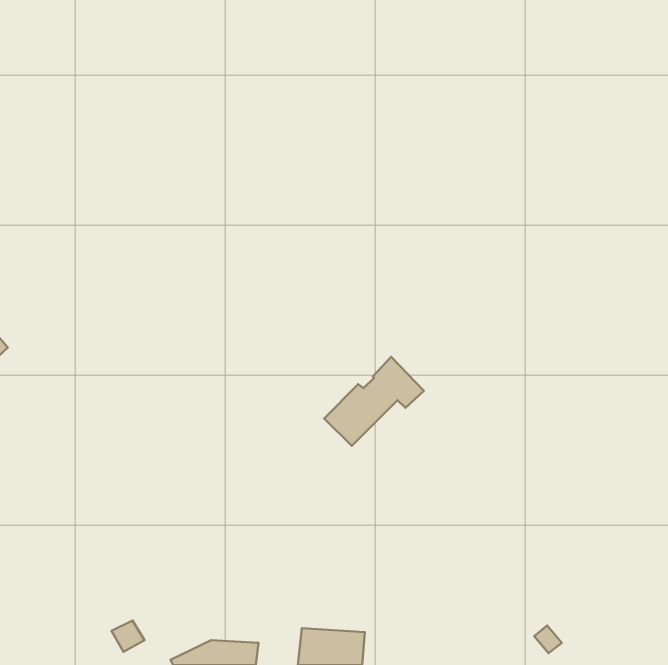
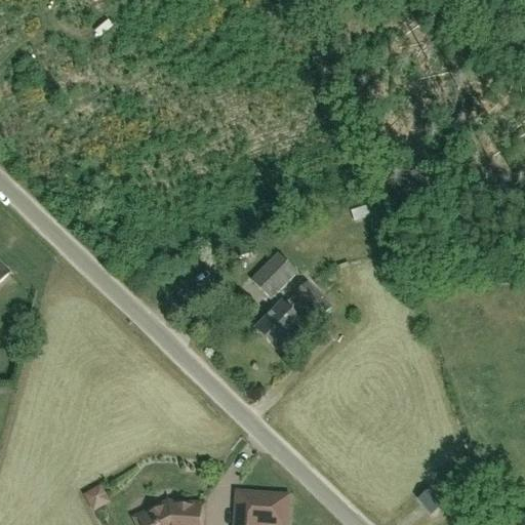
building: none -> [250,252,295,297]

